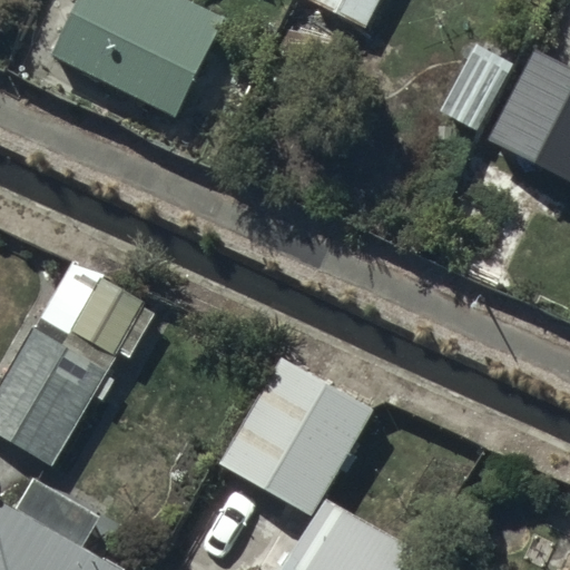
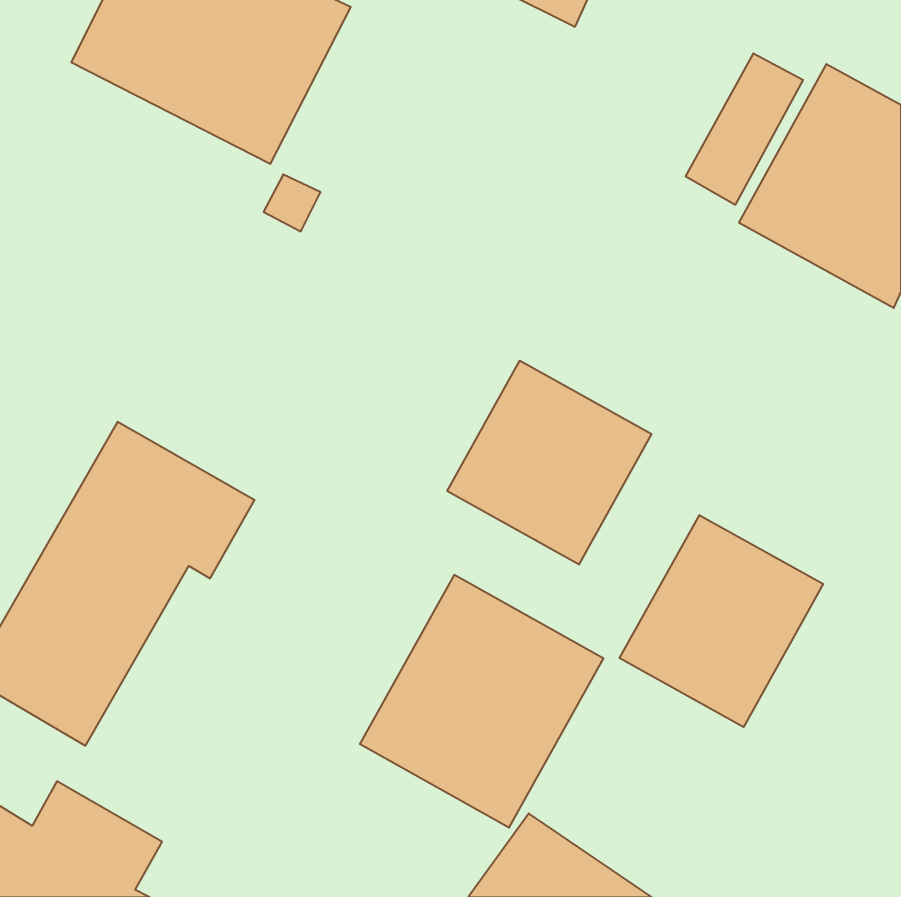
building: none -> [447,361,652,565]
building: none -> [620,515,823,727]

